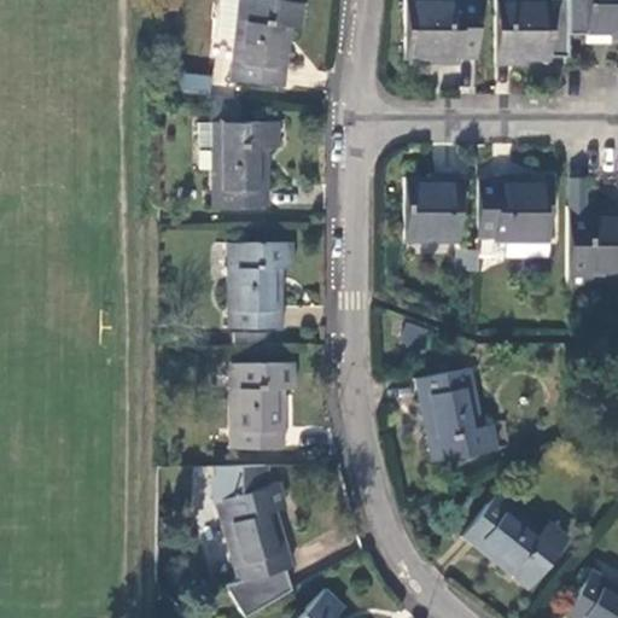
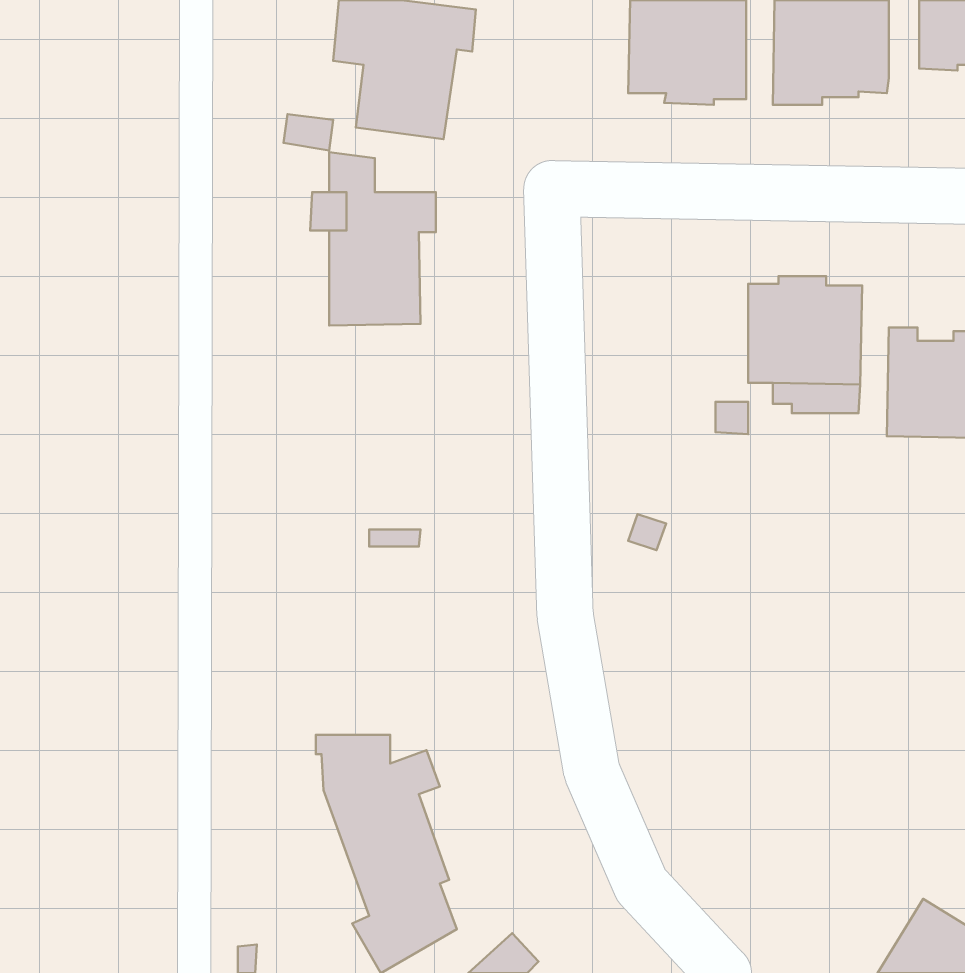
building: [406,174,462,243] -> none
building: [229,243,298,328] -> none
building: [228,358,299,448] -> none
building: [414,369,497,464] -> none
building: [464,496,570,591] -> none

